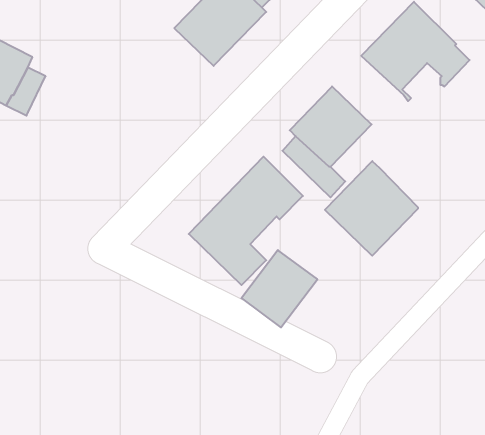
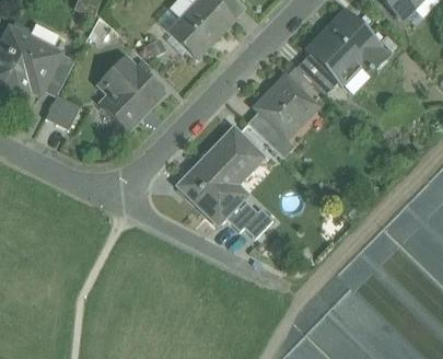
building: none -> [295,54,338,94]
building: none -> [101,57,162,129]
building: none -> [45,94,80,129]
building: [325,161,418,256] -> none

